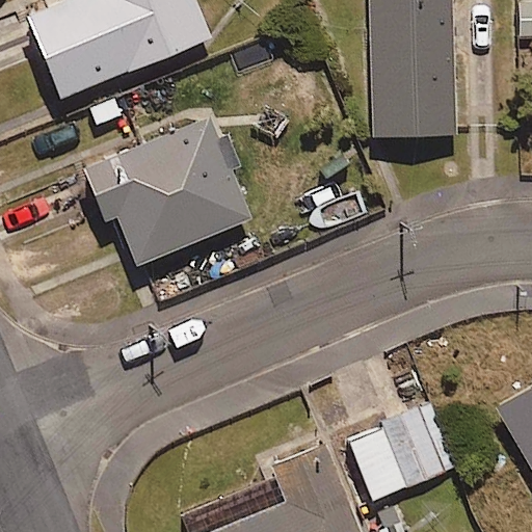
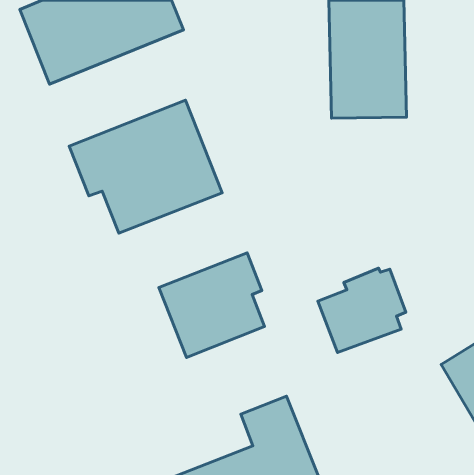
building: none -> [159,253,265,358]
building: [352,404,450,498] -> [318,268,406,353]

